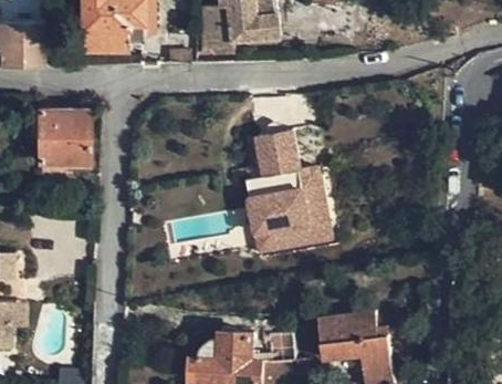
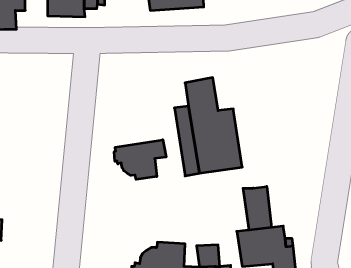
building: [40,107,91,163] -> none
building: none -> [114,140,166,179]
building: none -> [243,186,272,230]

